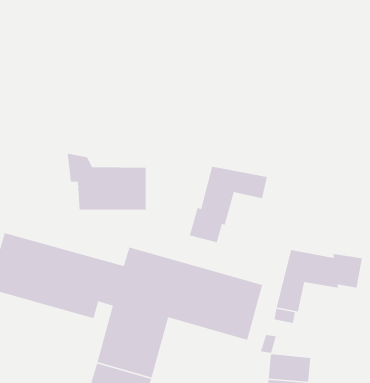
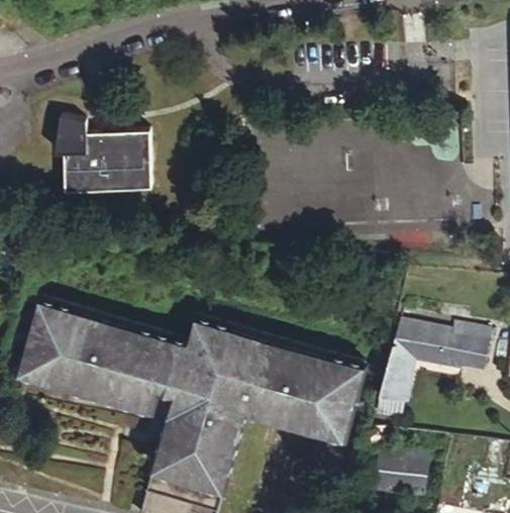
building: [67,153,146,211] -> [49,121,149,194]
building: [189,166,268,243] -> none

